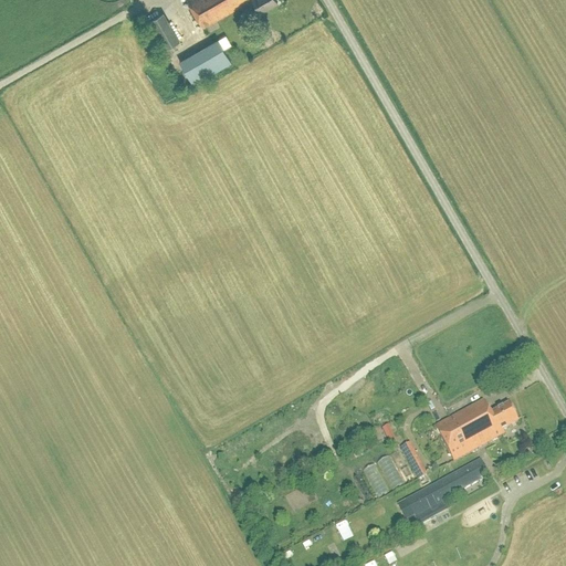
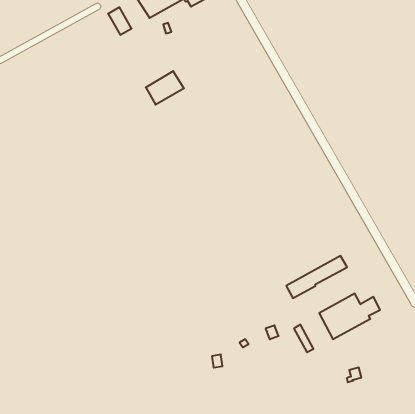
building: [179,36,231,82] -> [146,71,184,105]
building: [406,459,489,516] -> [286,256,347,298]

